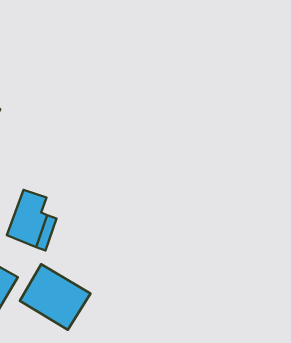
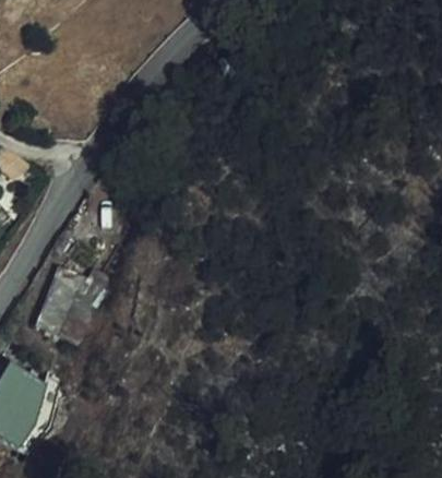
building: [20,264,90,330] -> none

